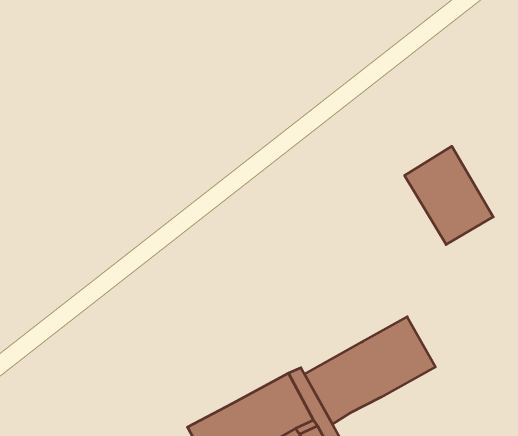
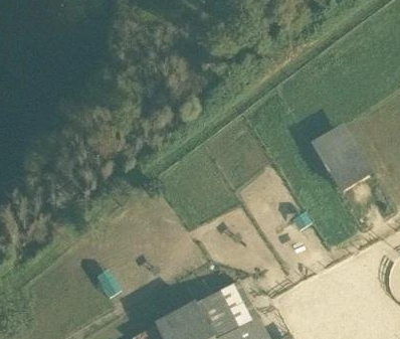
building: [304,317,435,424] -> none

